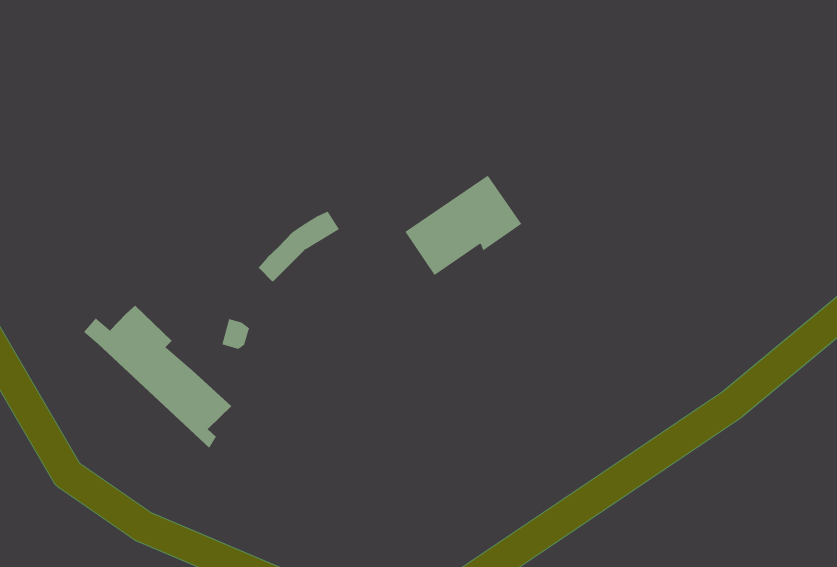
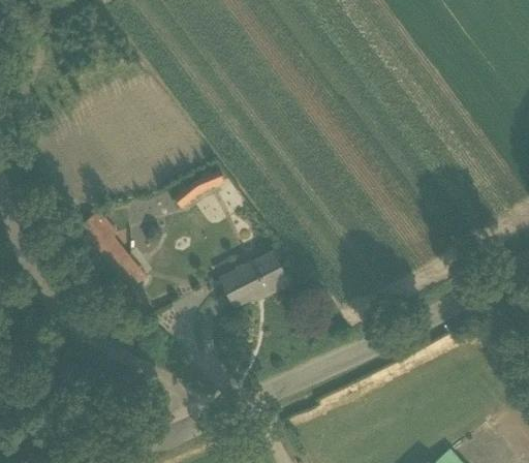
building: [405,175,522,276] -> [220,252,288,306]

